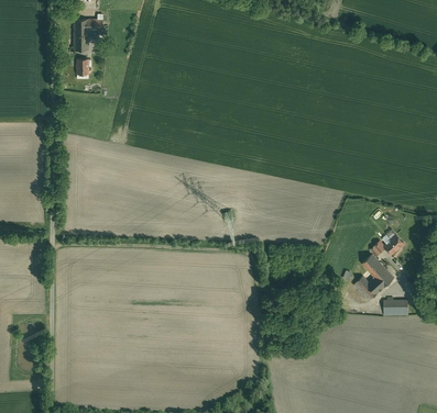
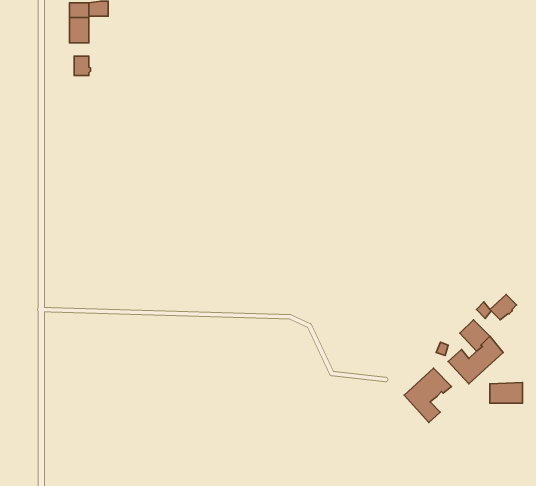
building: none -> [404,368,452,423]

